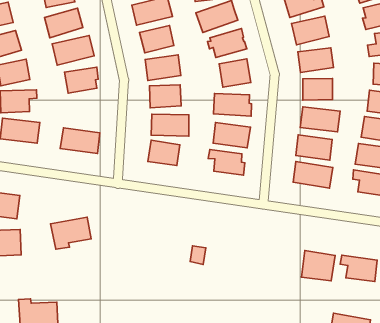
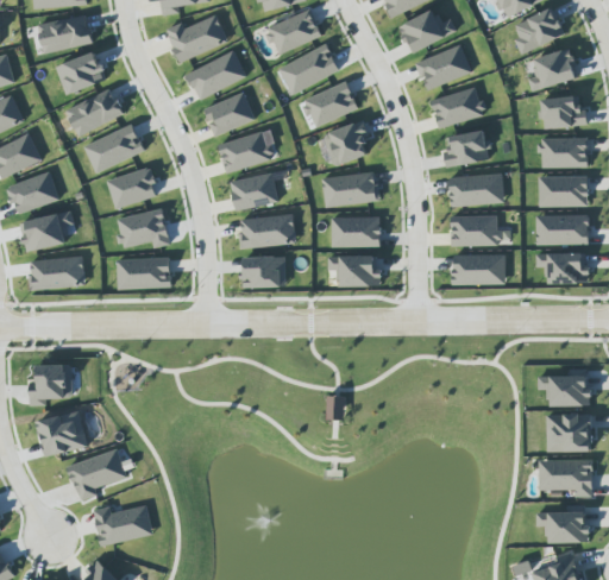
building: none -> [115,209,170,247]
building: [51,217,91,249] -> [67,448,127,500]
building: [301,250,335,281] -> [546,414,590,452]

